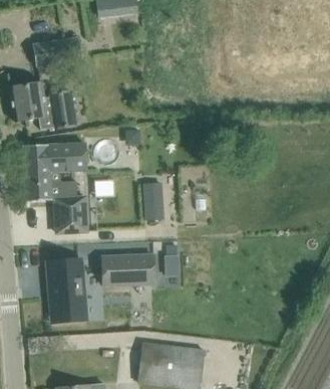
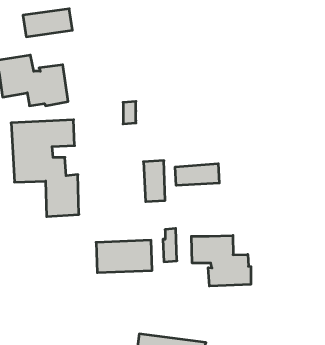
building: none -> [175,164,219,185]
building: none -> [191,235,251,286]
building: [48,259,87,322] -> none

